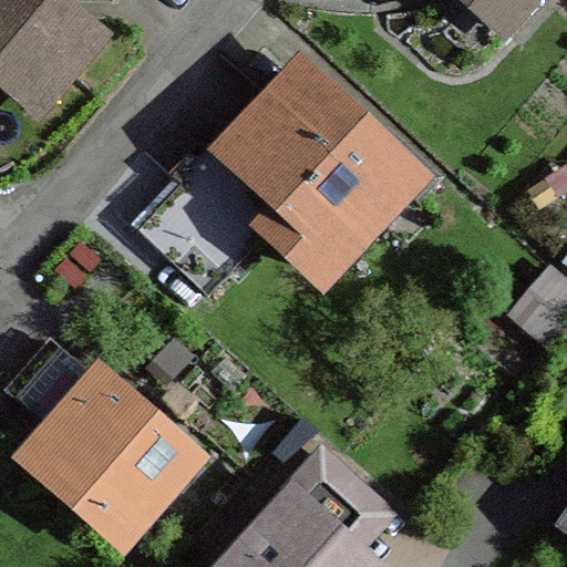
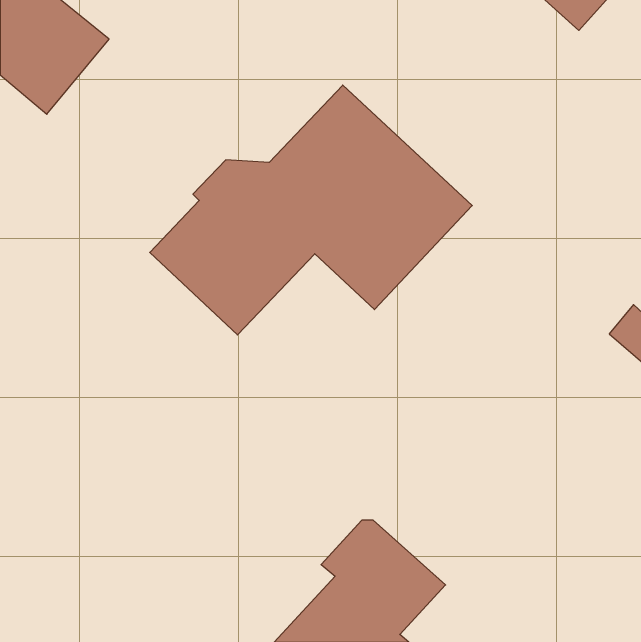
building: [14,339,194,530] -> none

